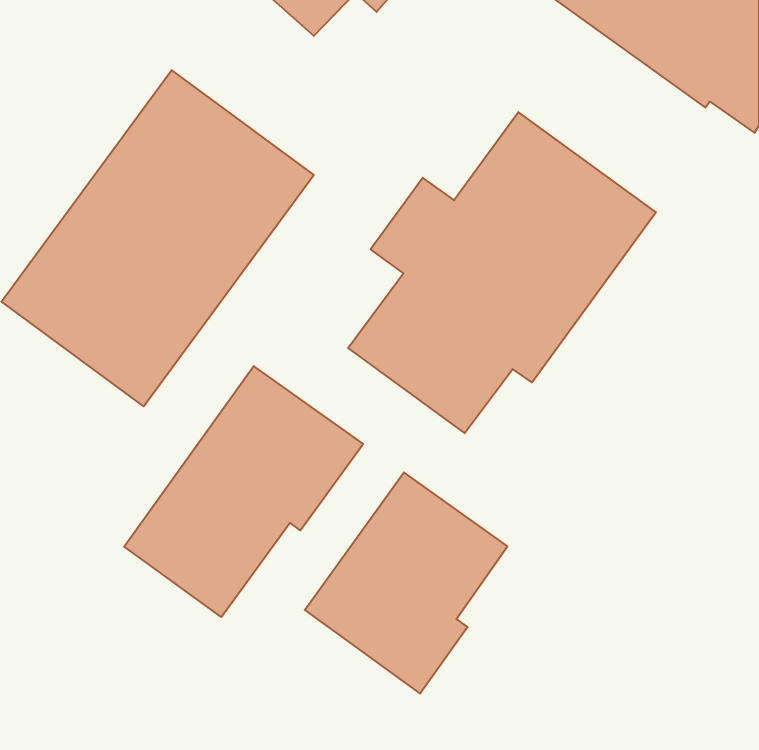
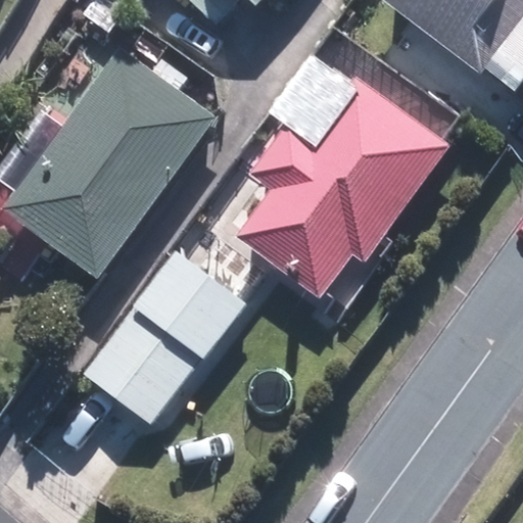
building: [305,472,507,694] -> none

